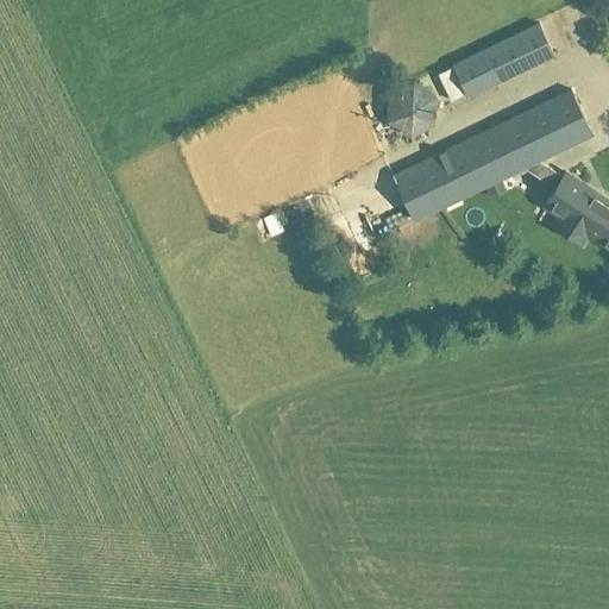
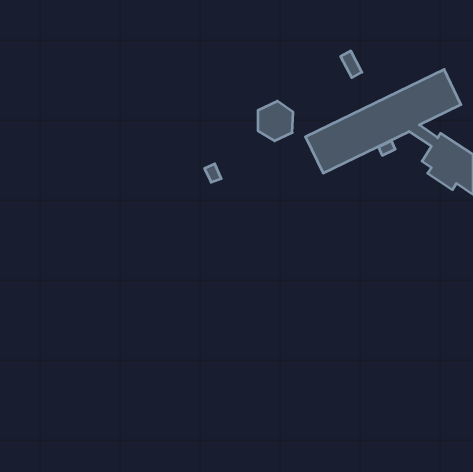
building: [453,23,554,98] -> none
building: [389,83,434,134] -> [258,101,293,141]

